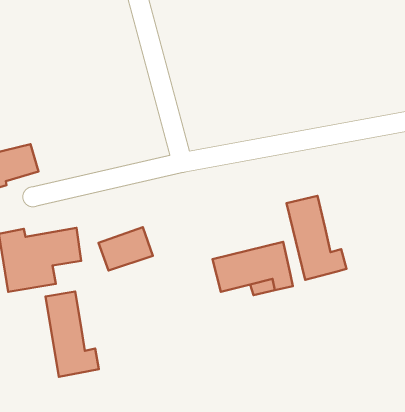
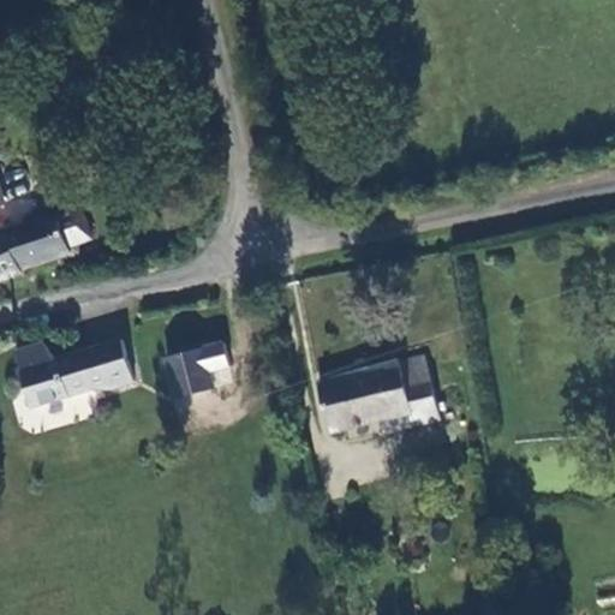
building: [286,196,346,280] -> none
building: [45,292,99,377] -> none

